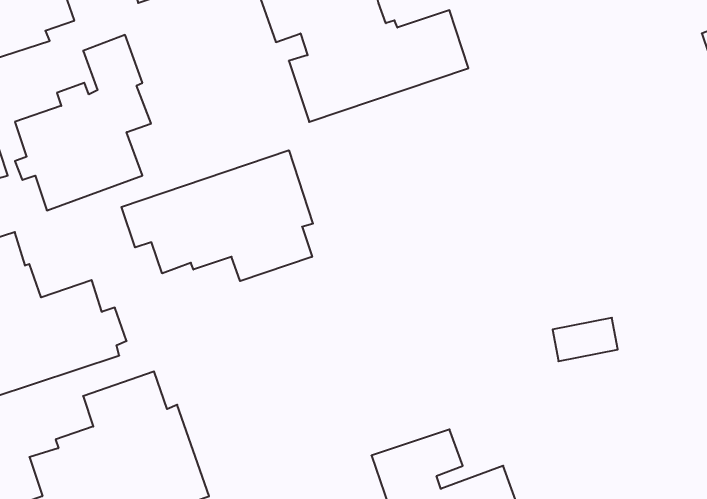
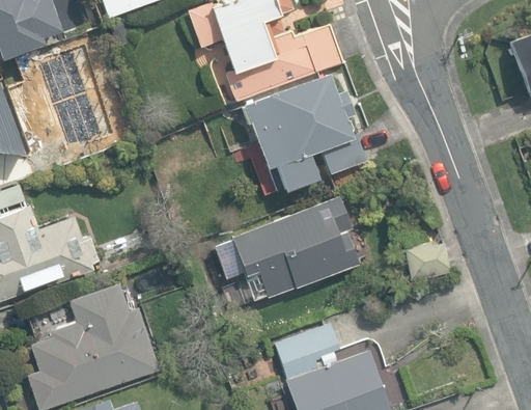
building: none -> [241,74,366,191]
building: [121,150,313,281] -> none
building: none -> [213,194,359,301]

